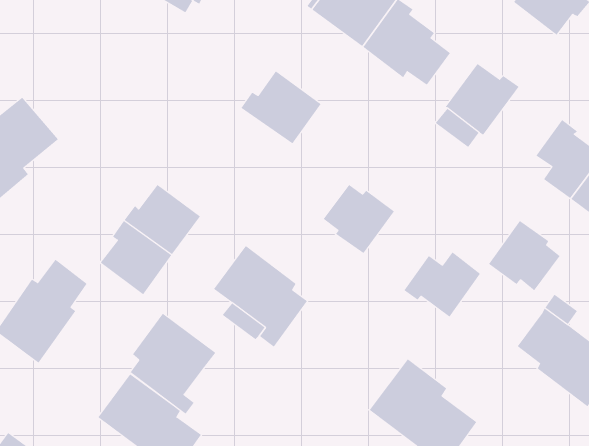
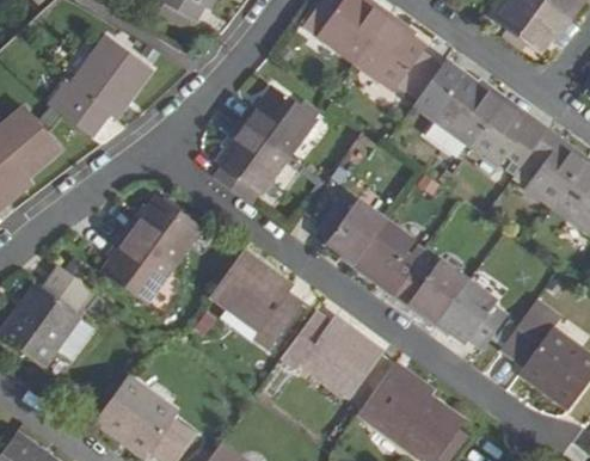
building: none -> [60,36,150,137]
building: none -> [471,105,546,166]
building: none -> [216,121,288,205]
building: none -> [356,220,418,295]
building: [488,220,561,291] -> [438,279,508,348]
building: none -> [281,314,382,397]
building: [130,313,216,414] -> none

